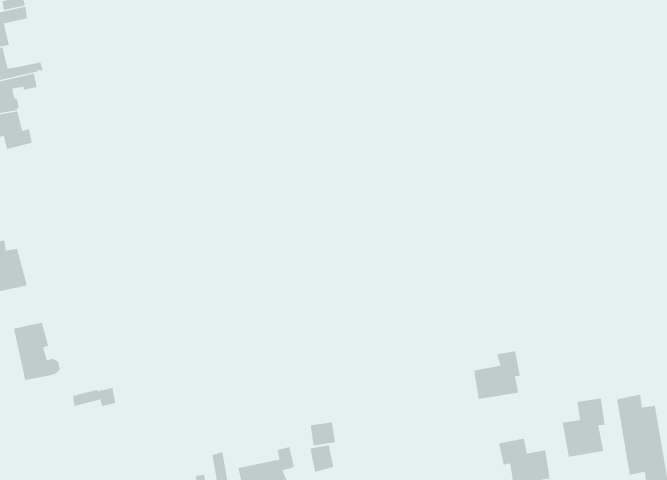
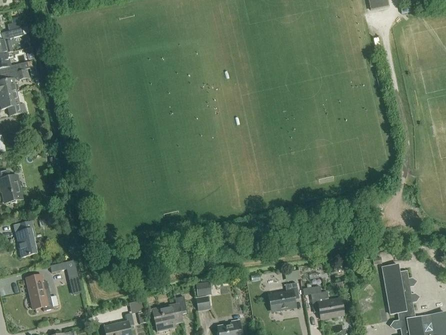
building: [473,351,521,400] -> [270,281,299,311]
building: [562,398,606,458] -> none
building: none -> [26,273,54,309]

